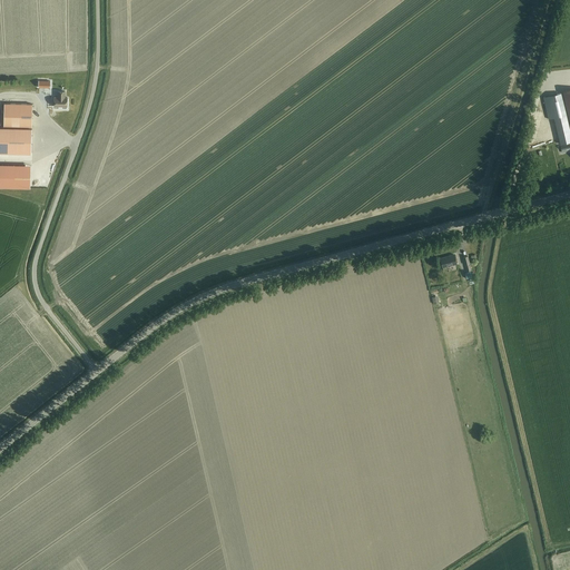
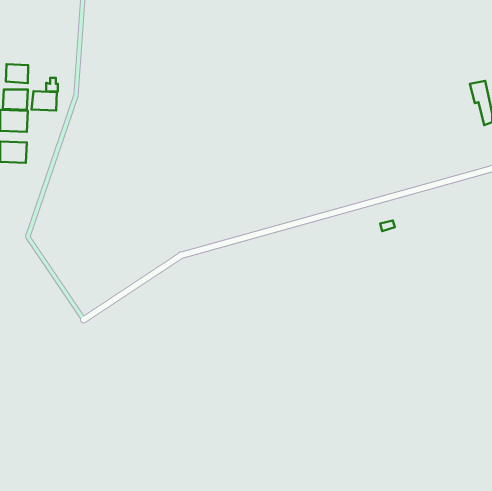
building: none -> [6,64,28,83]
building: none -> [32,91,57,110]

